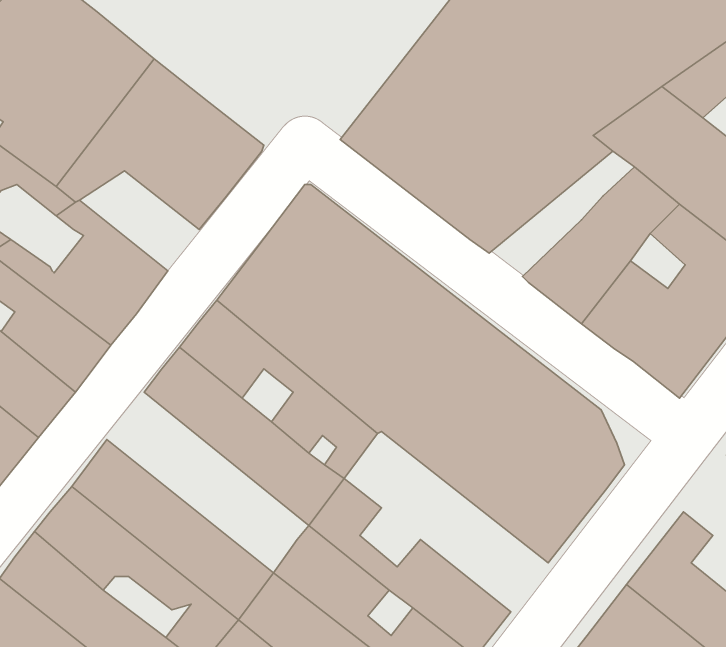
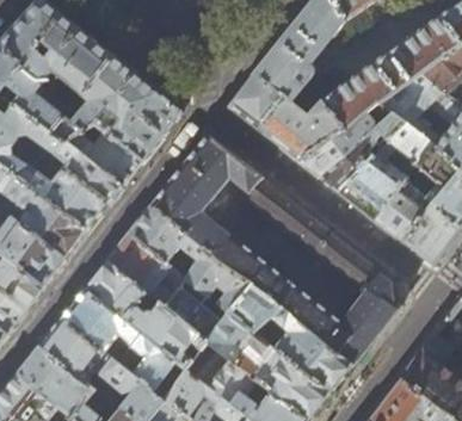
building: none -> [316,113,405,190]
building: none -> [67,125,140,186]
building: none -> [84,260,207,370]
building: none -> [228,284,352,394]

